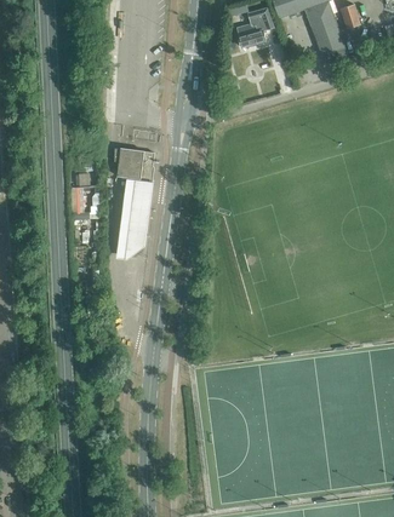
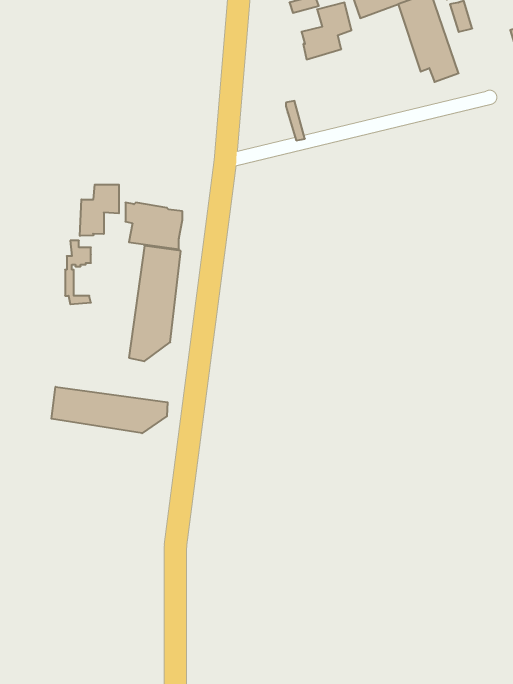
building: none -> [80,185,119,236]
building: none -> [51,387,168,433]

